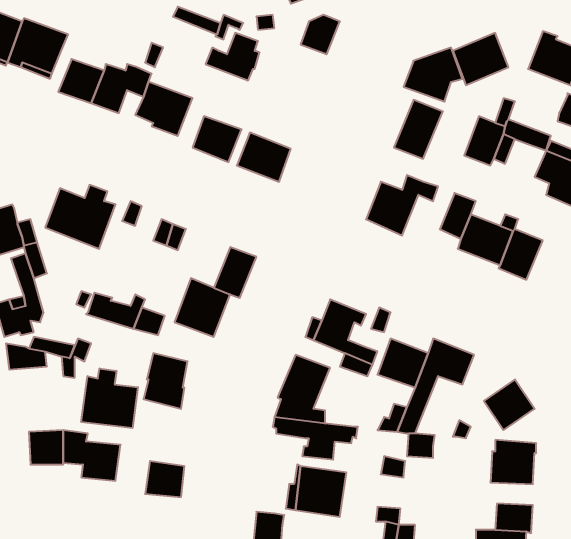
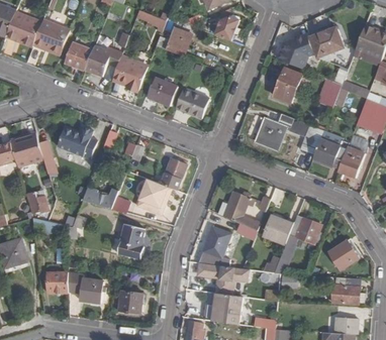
building: [81,368,138,428] -> none

